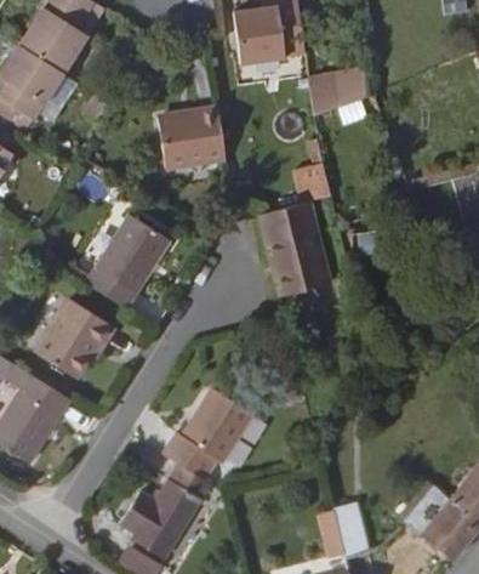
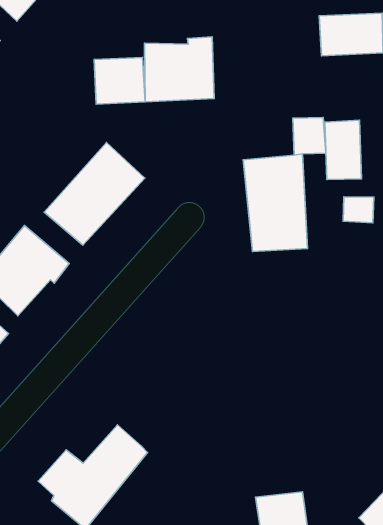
building: none -> [94,58,145,104]
building: none -> [325,120,362,180]
building: [164,392,255,482] -> none

